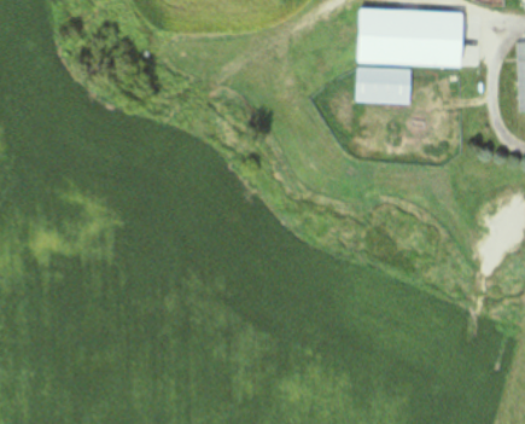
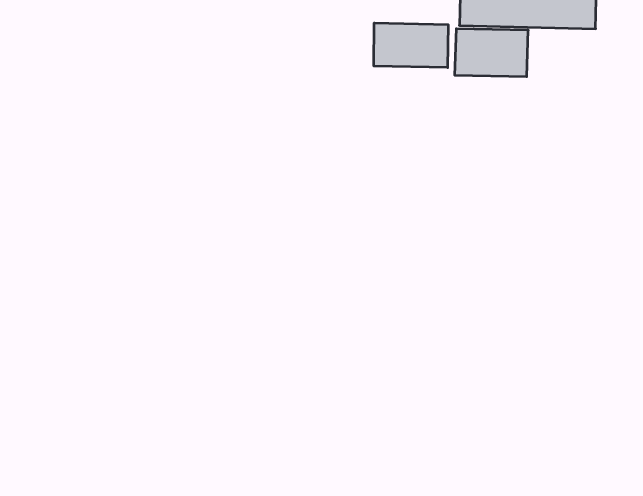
building: none -> [374,23,448,68]

